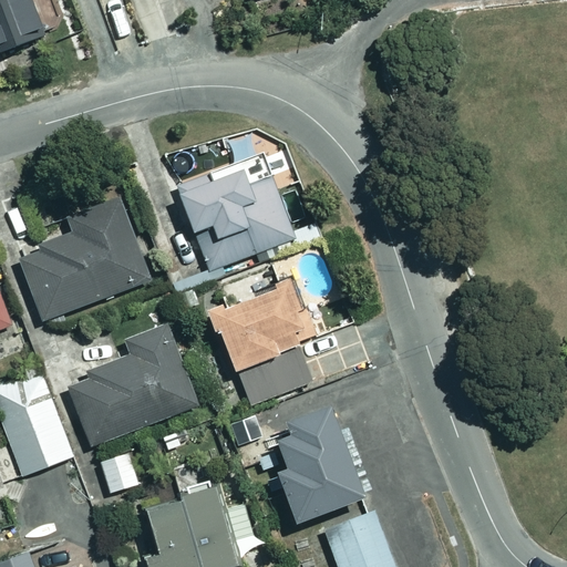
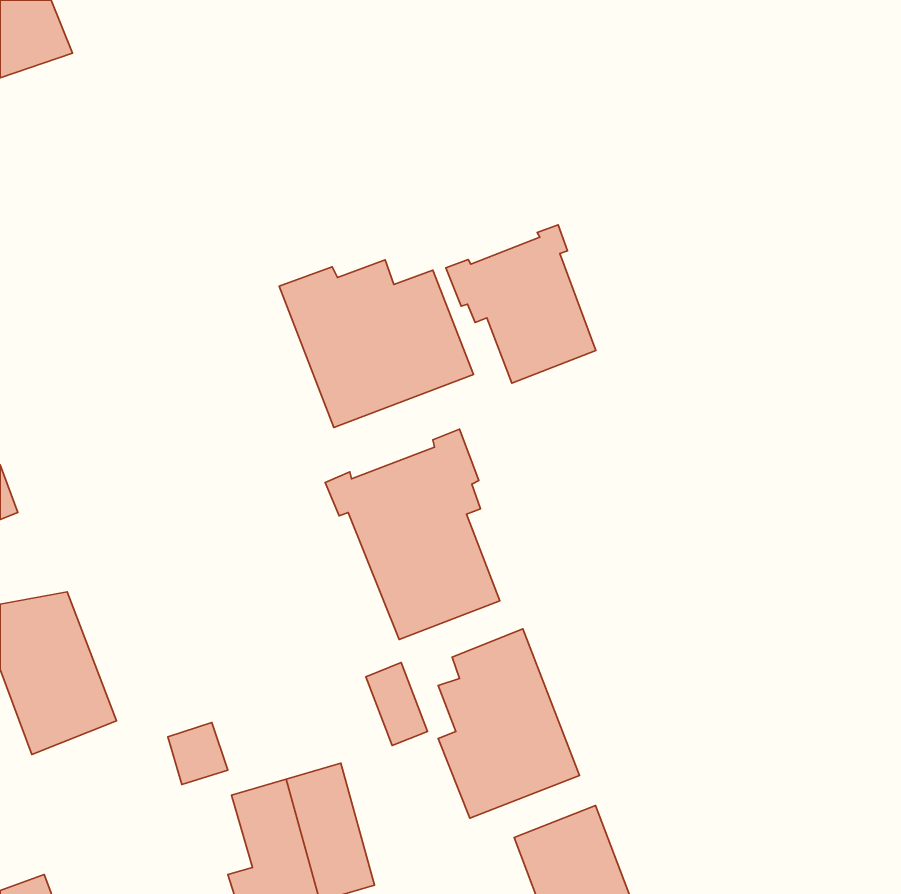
building: none -> [446,225,596,383]
building: [19,197,152,321] -> none
building: [66,321,199,447] -> none

